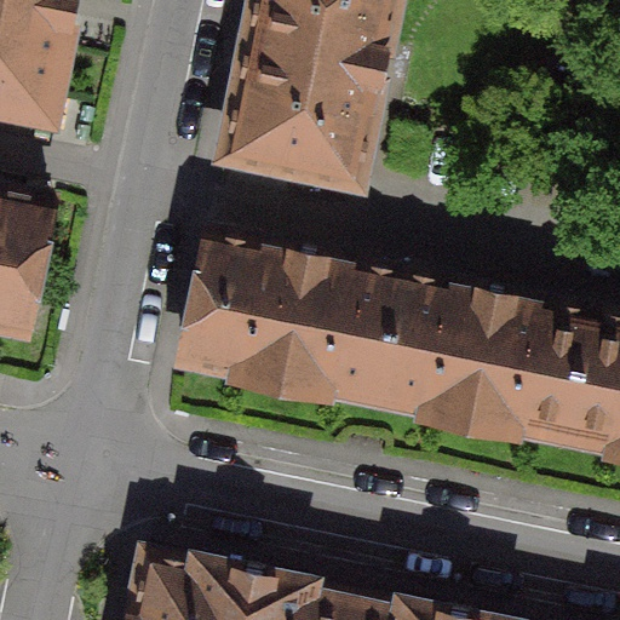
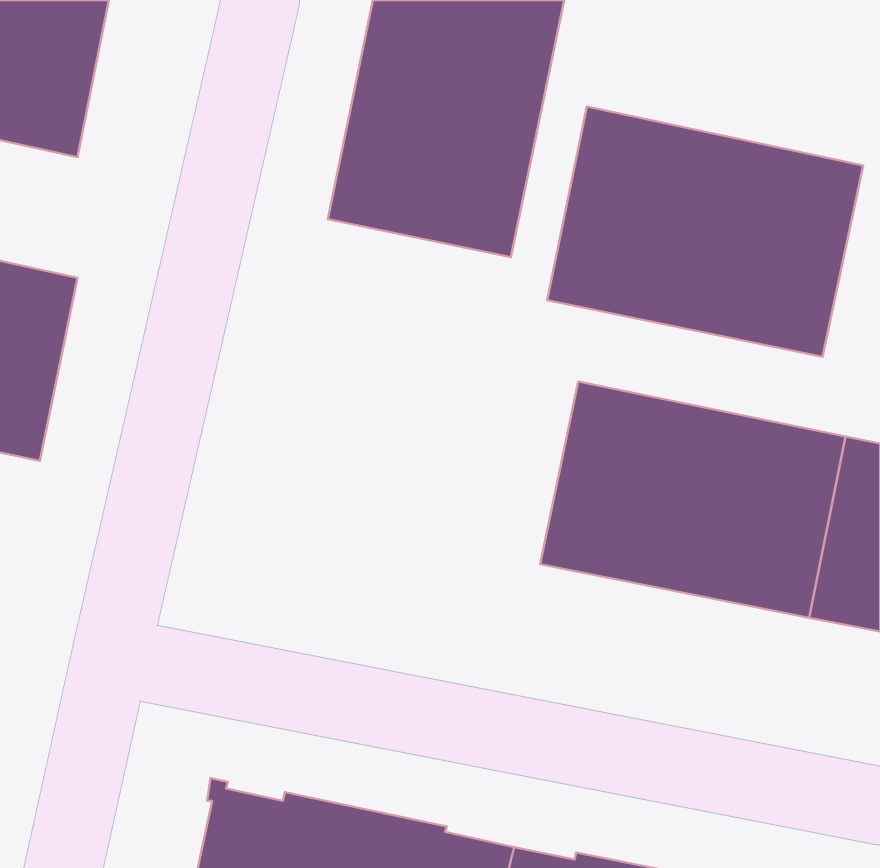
building: none -> [547,106,863,357]
building: [188,237,406,406] -> none

